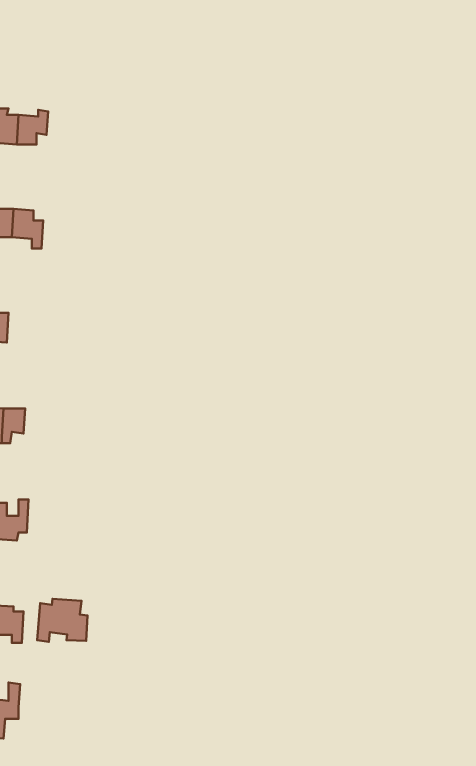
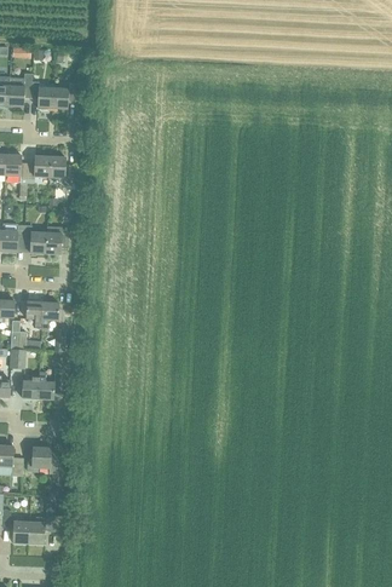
building: none -> [45,226,68,254]
building: [37,599,87,642] -> none

